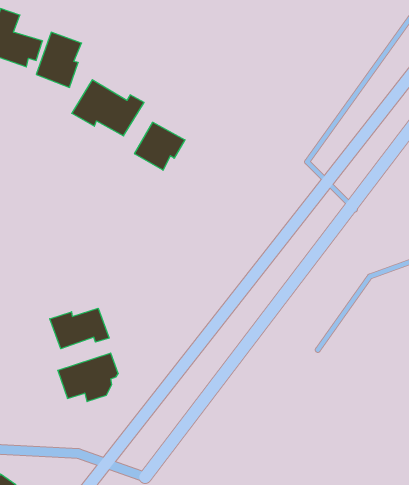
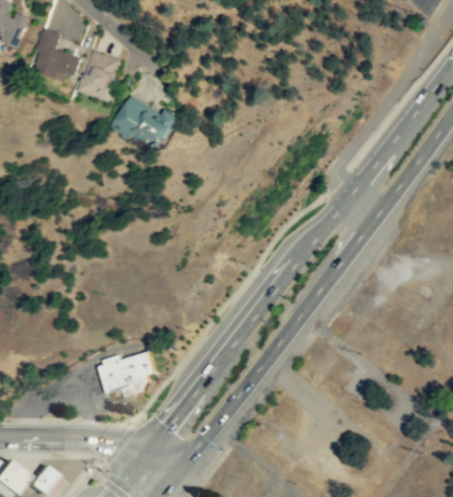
building: [135,122,185,170] -> none
building: [50,308,109,349] -> none

